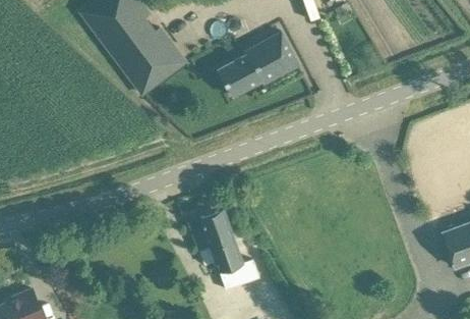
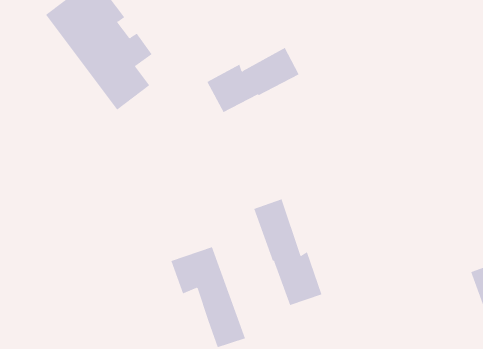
building: none -> [253,198,322,306]

